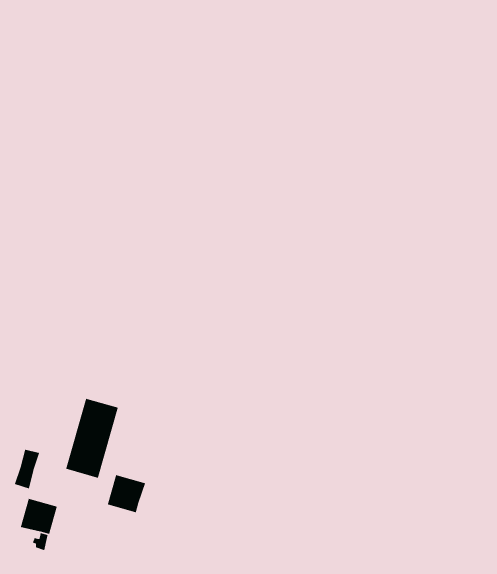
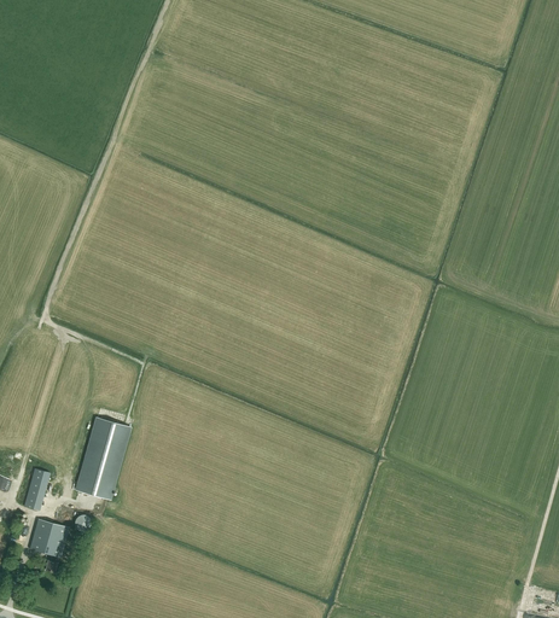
building: [107,474,146,513] -> none

